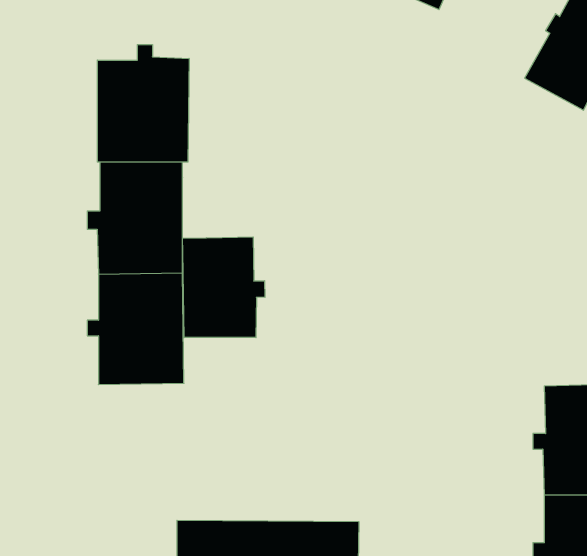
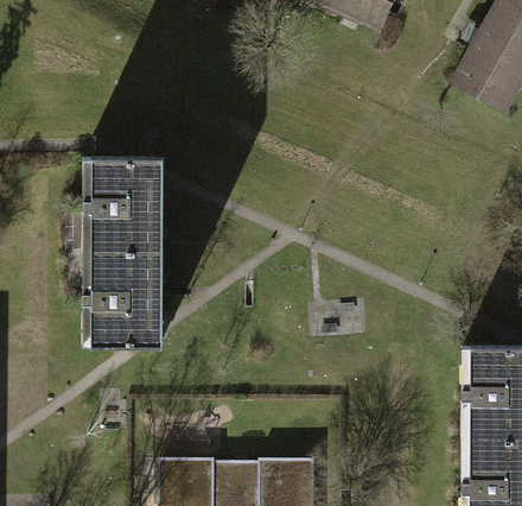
building: [97,45,189,162] -> none
building: [183,237,265,338] -> none

